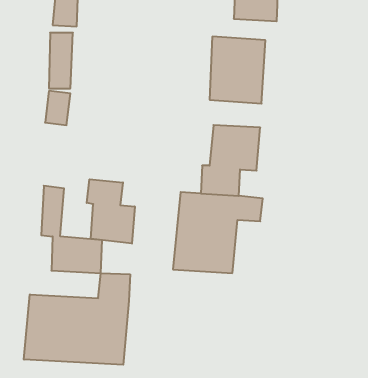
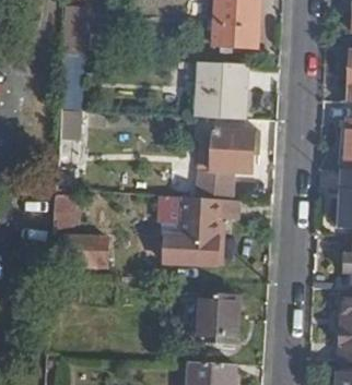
building: [87,179,135,244] -> none
building: [24,273,130,365] -> none
building: none -> [198,292,238,341]

